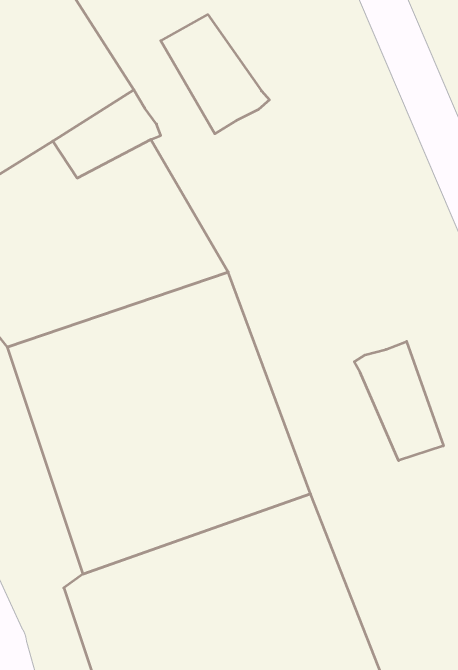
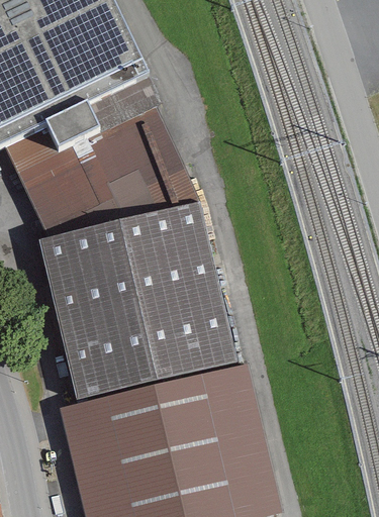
building: [161,15,269,134] -> none
building: [354,341,443,461] -> none

